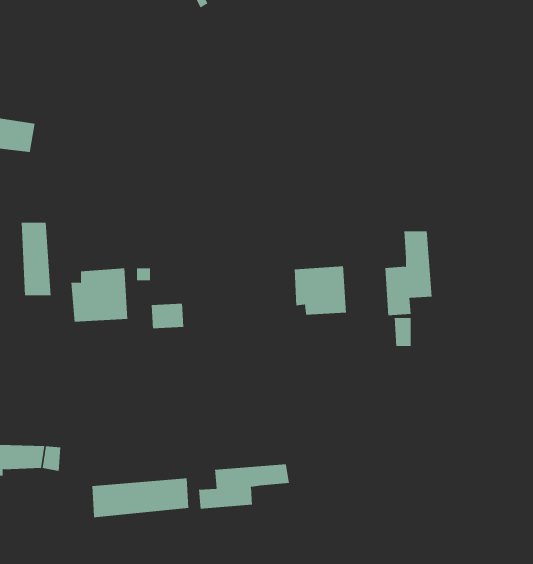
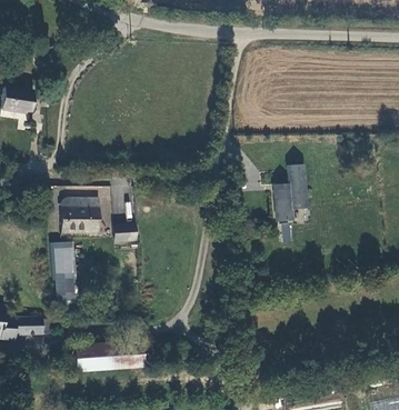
building: [21,222,51,296] -> [54,254,76,306]
building: [294,266,347,316] -> none
building: [199,463,290,509] -> none

